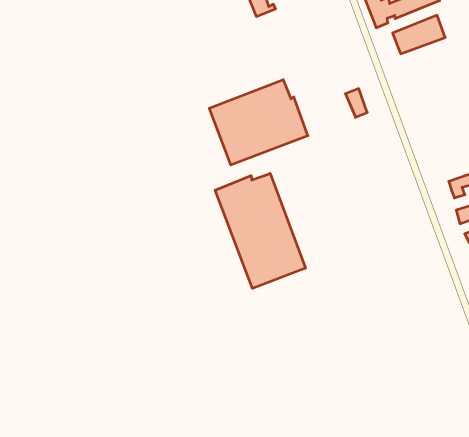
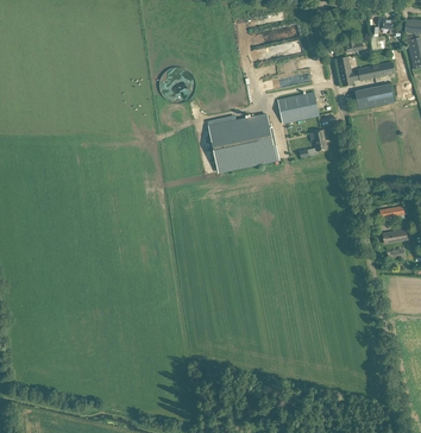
building: none -> [276,90,318,123]
building: [215,173,305,288] -> none

